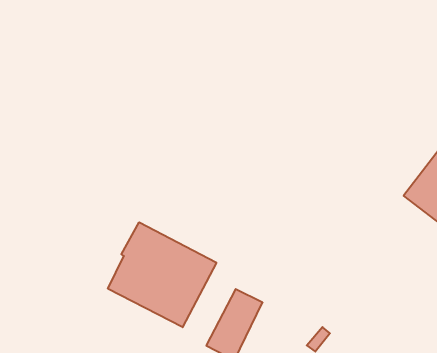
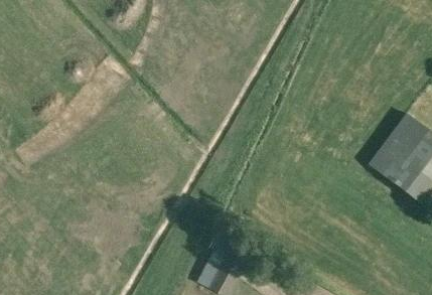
building: [108,222,216,327] -> none

